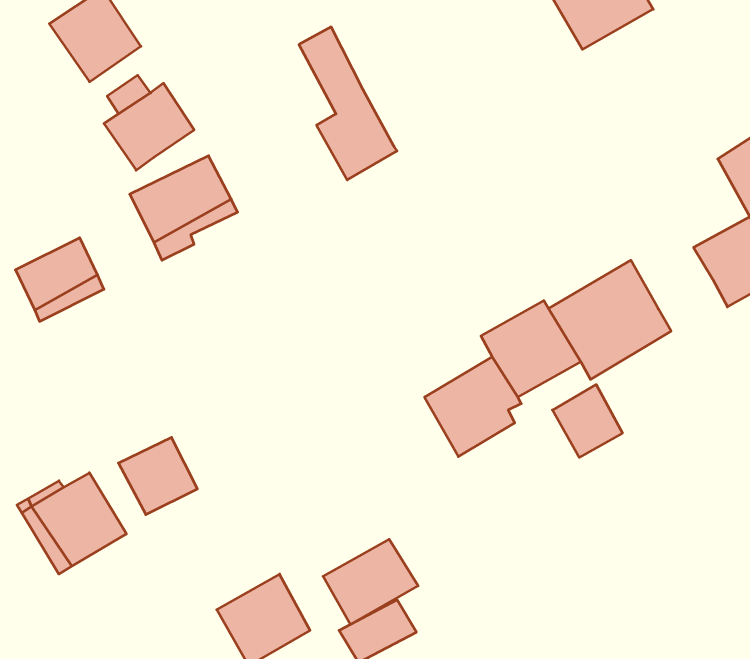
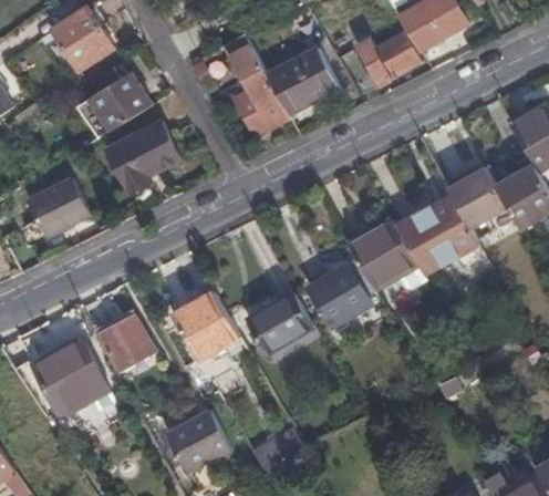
building: none -> [358,31,419,83]
building: none -> [268,49,339,115]
building: none -> [447,166,508,227]
building: [552,385,622,457] -> none
building: none -> [174,293,240,360]
building: [323,539,418,625] -> [247,294,312,353]

